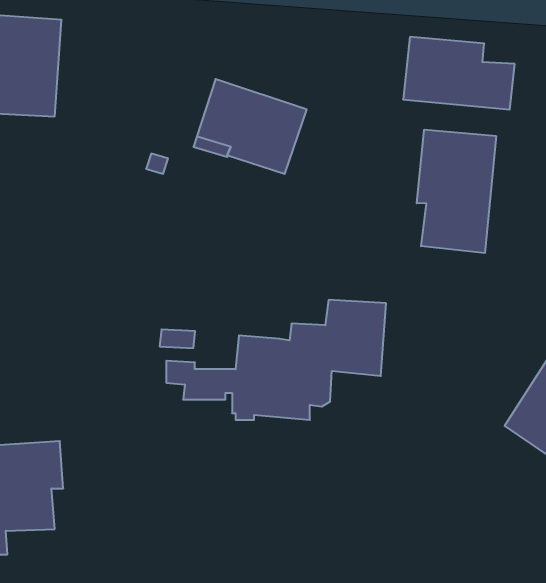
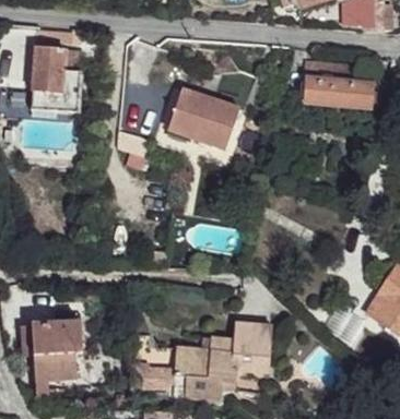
building: [417,130,496,253] -> none
building: [166,300,386,420] -> [130,322,272,399]

